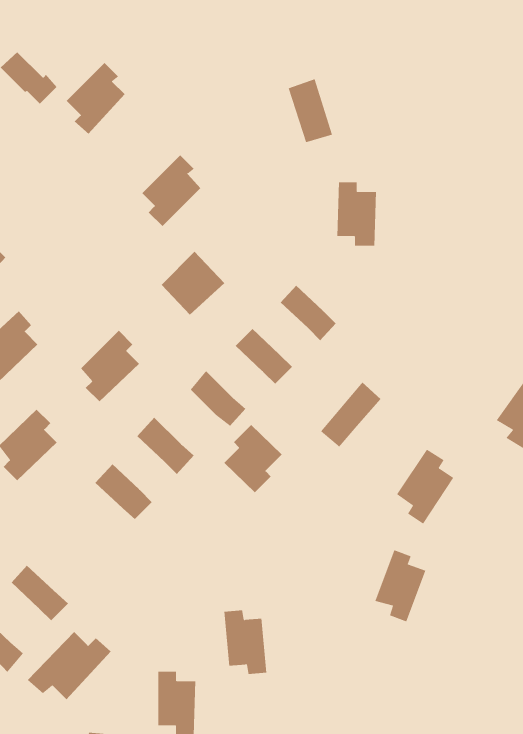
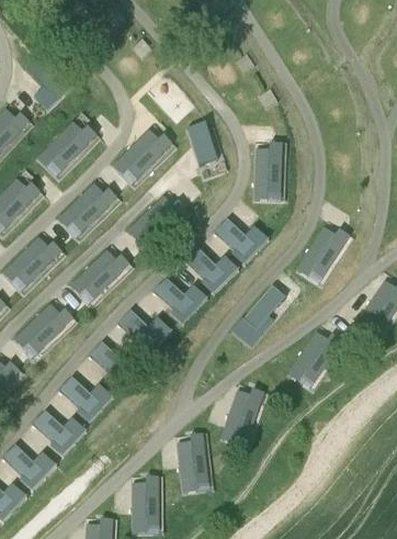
building: [66,62,125,135] -> [46,123,87,172]
building: [288,78,333,143] -> [188,123,218,167]
building: none -> [67,186,109,235]
building: none -> [304,228,343,279]
building: [223,424,283,493] -> none
building: none -> [59,378,99,416]
building: [375,550,426,622] -> [225,391,260,440]
building: [27,631,112,700] -> none

